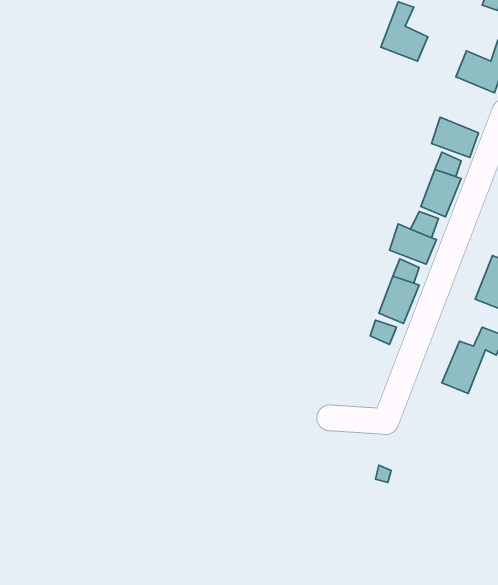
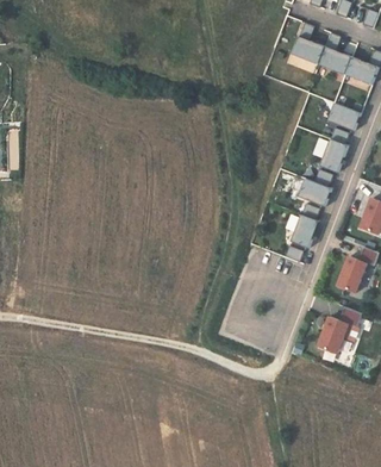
building: none -> [319,35,352,76]
building: none -> [317,305,361,353]

